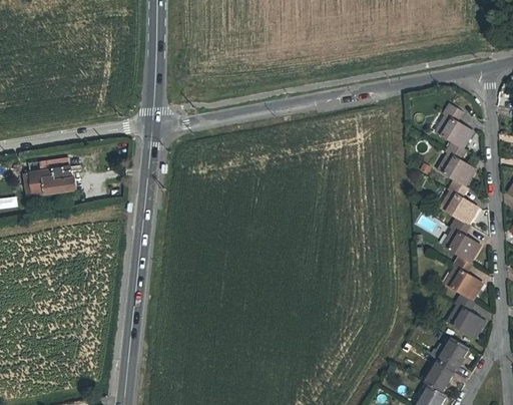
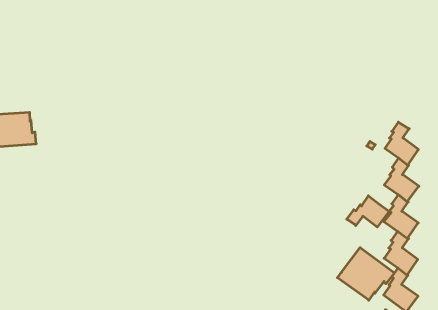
building: [438,104,473,148] -> none
building: none -> [347,196,389,227]
building: none -> [337,248,394,300]

